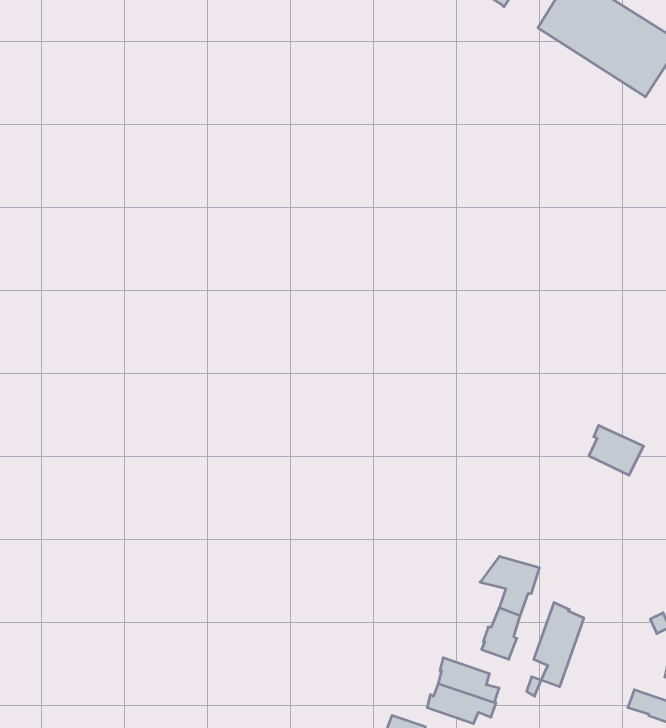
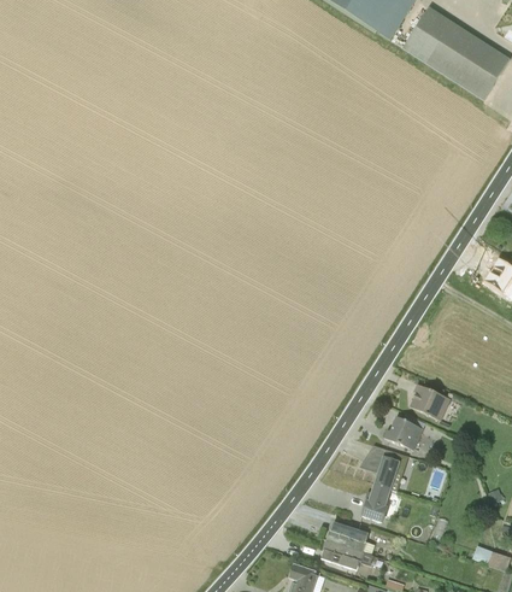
building: [589,425,644,475] -> [411,383,452,421]
building: none -> [384,416,424,450]
building: [534,602,584,687] -> none

